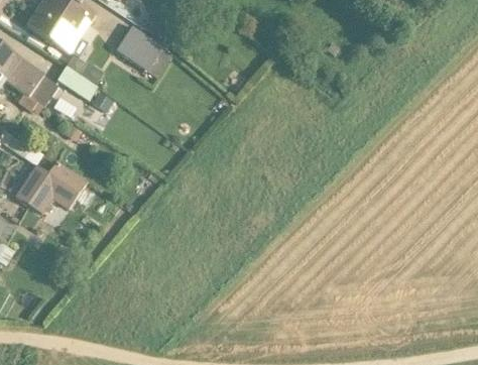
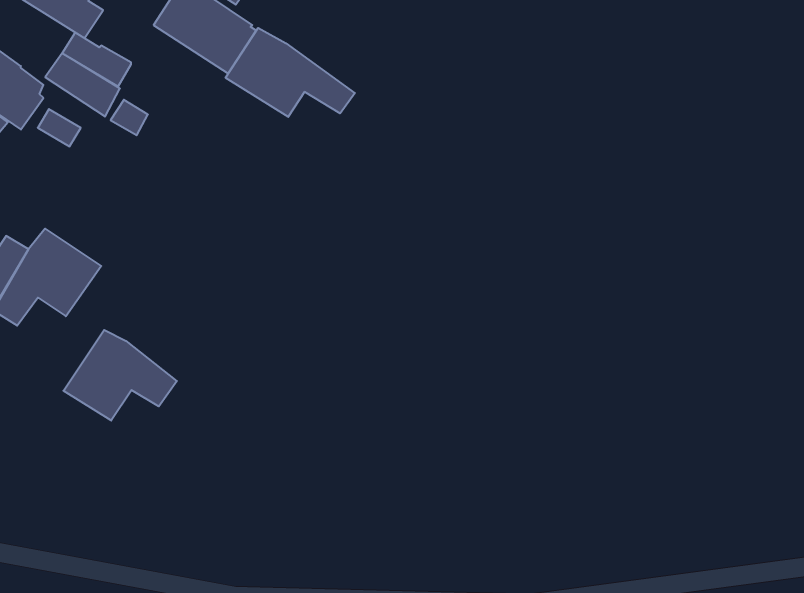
building: none -> [226,28,355,117]
building: none -> [63,330,177,421]

